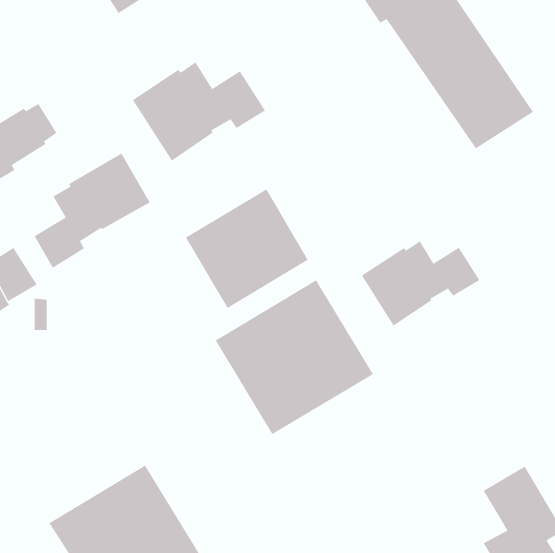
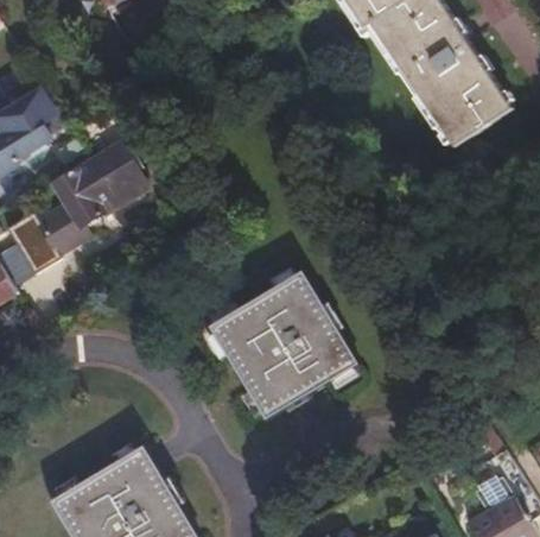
building: [132,61,266,162] -> none
building: [185,188,309,309] -> none
building: [361,241,480,327] -> none

